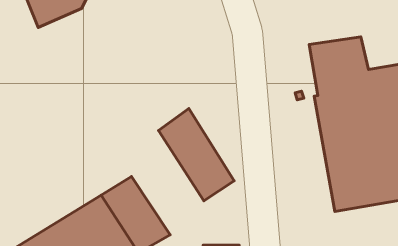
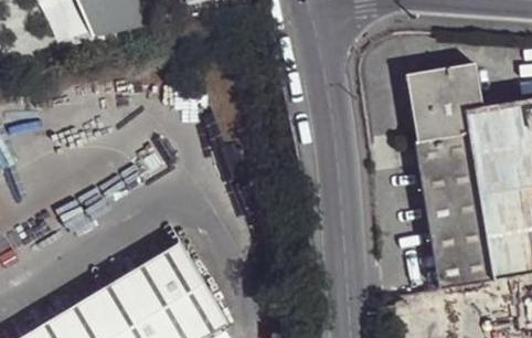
building: [159,108,234,201] -> none

